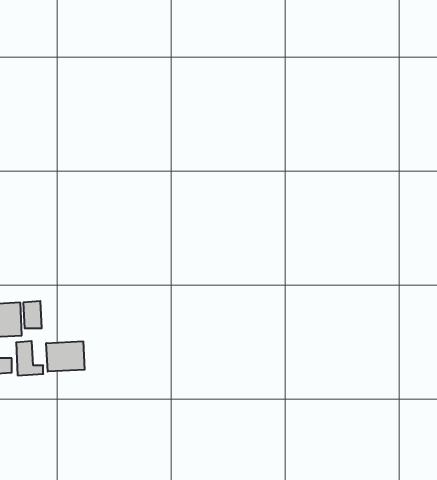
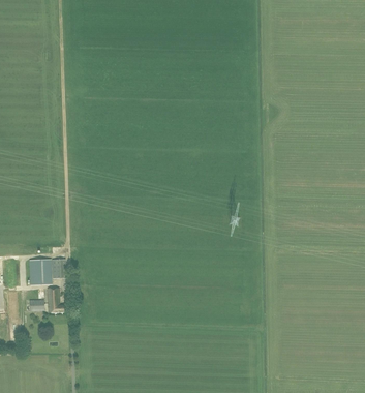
building: [46,341,85,372] -> none

